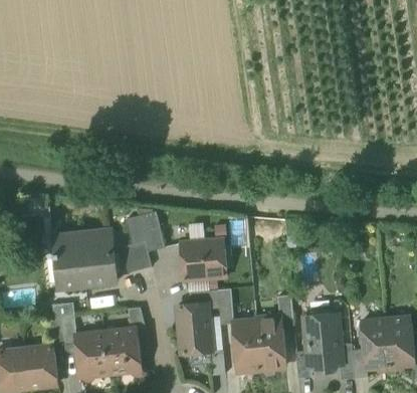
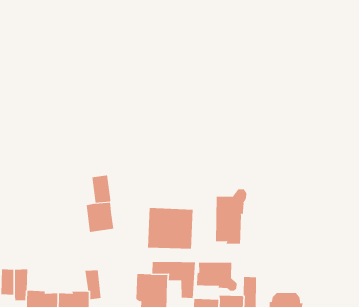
building: [139,213,165,252] -> none
building: none -> [216,188,247,245]
building: [51,232,116,287] -> none
building: none -> [196,262,237,292]

